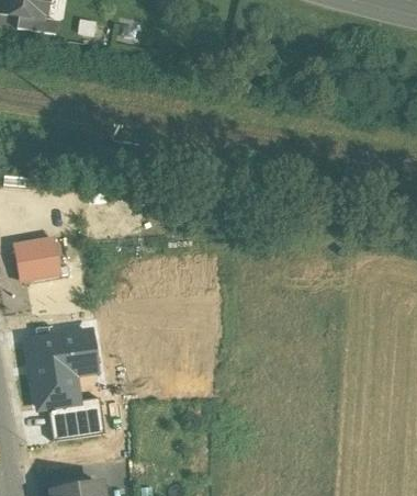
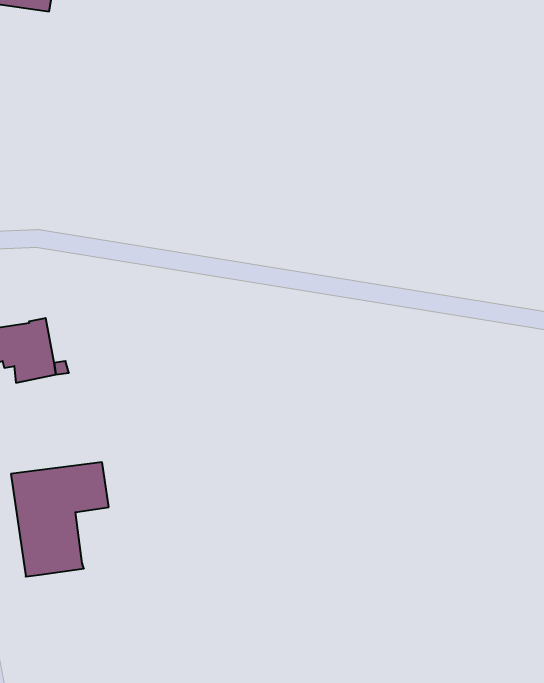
building: [47,395,105,440] -> none

